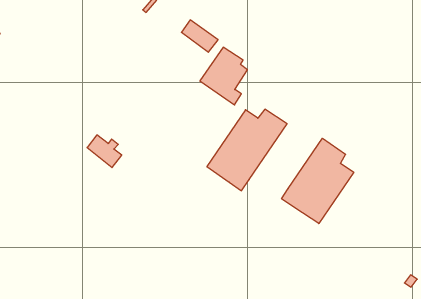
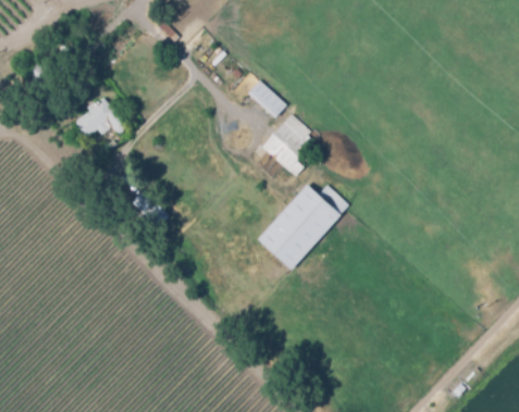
building: none -> [74,98,129,139]
building: [282,138,354,224] -> none

